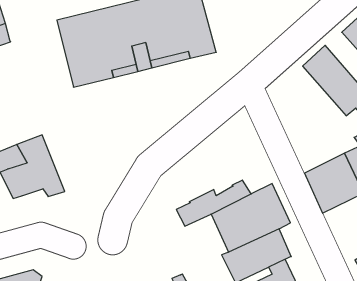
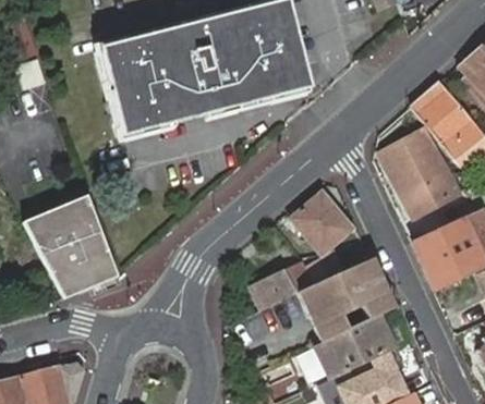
building: none -> [383,128,461,216]
building: none -> [292,189,354,252]
building: none -> [49,260,118,297]

